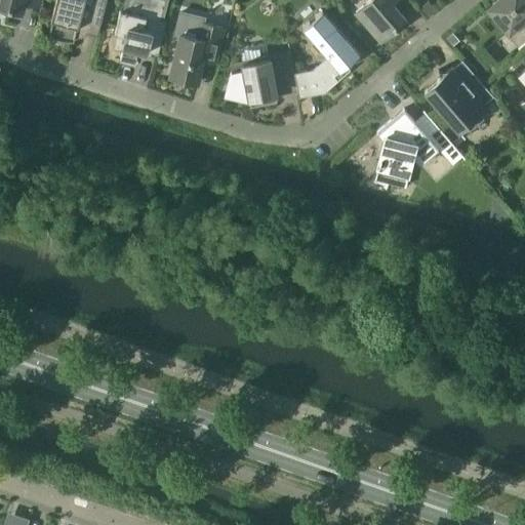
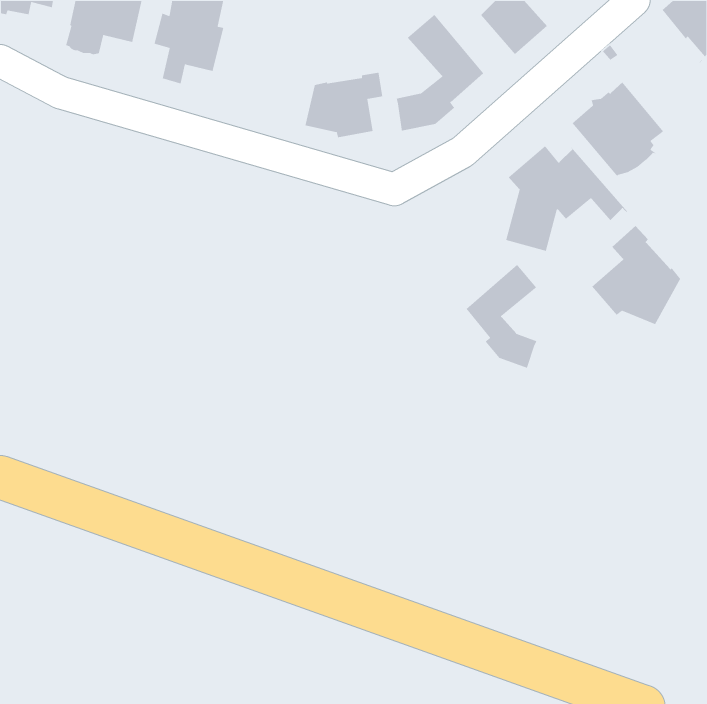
building: [169,11,224,84] -> none
building: none -> [591,225,681,325]
building: none -> [465,264,537,369]

